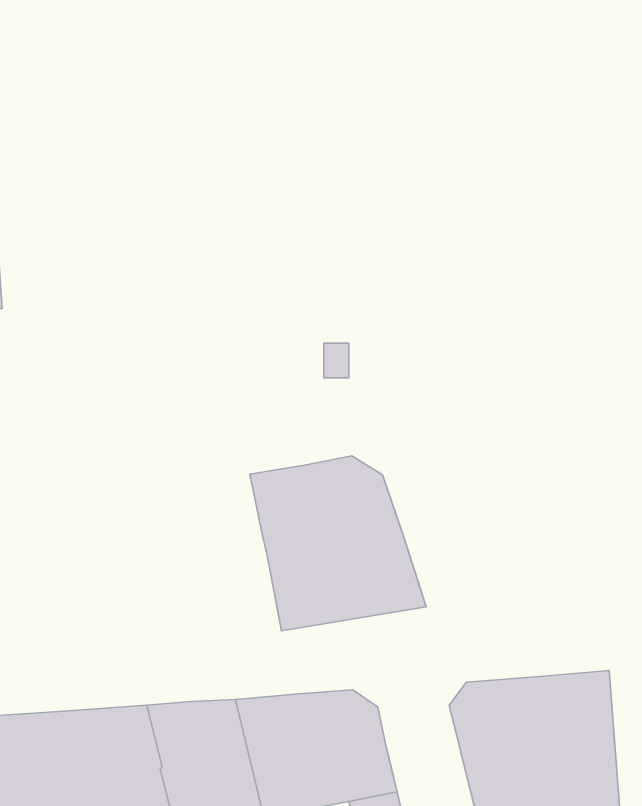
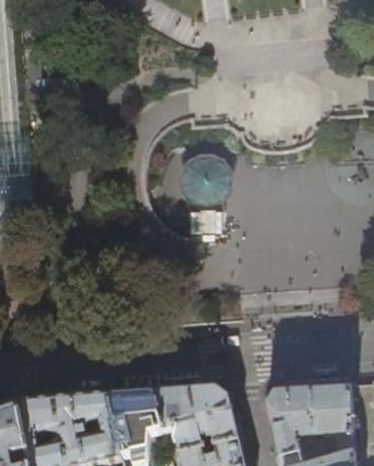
building: none -> [186,153,235,198]
building: [250,456,426,631] -> none

